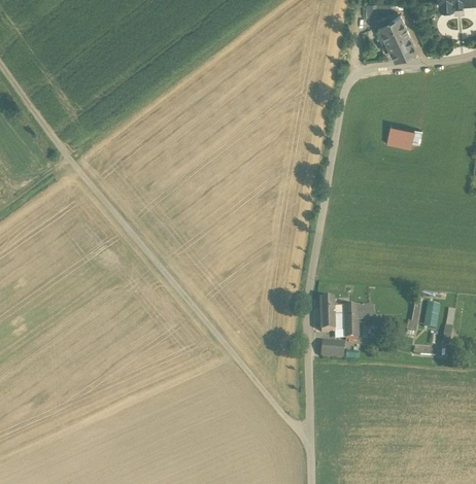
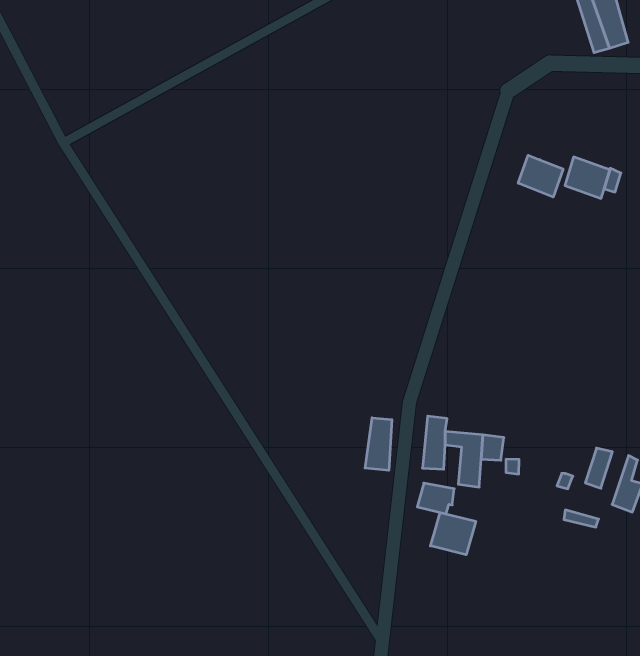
building: none -> [518,155,563,197]
building: none -> [365,418,392,470]
building: none -> [430,513,476,555]

